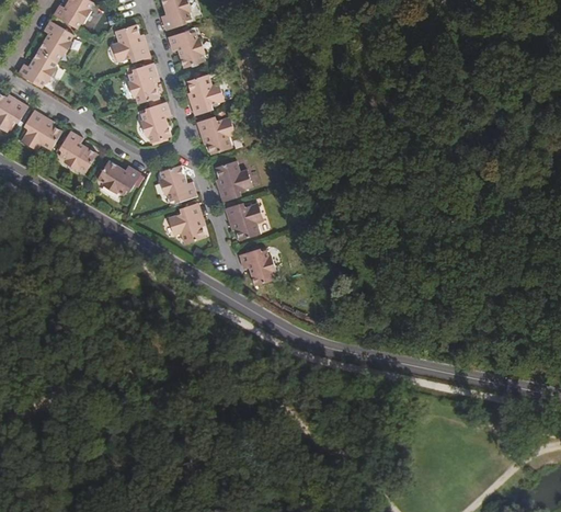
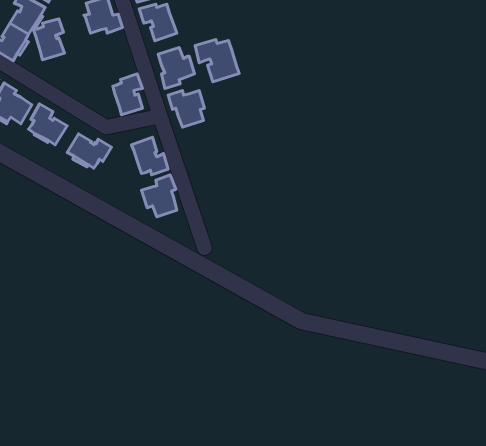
building: [128,62,159,103] -> [33,19,64,60]
building: none -> [195,39,239,82]
building: [215,160,251,201] -> none
building: [224,203,261,239] -> none
building: [239,249,276,285] -> none

